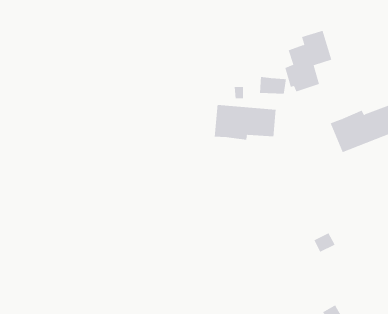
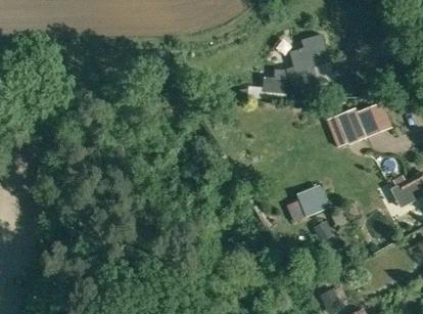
building: [214,104,276,140] -> none
building: none -> [287,186,329,222]

